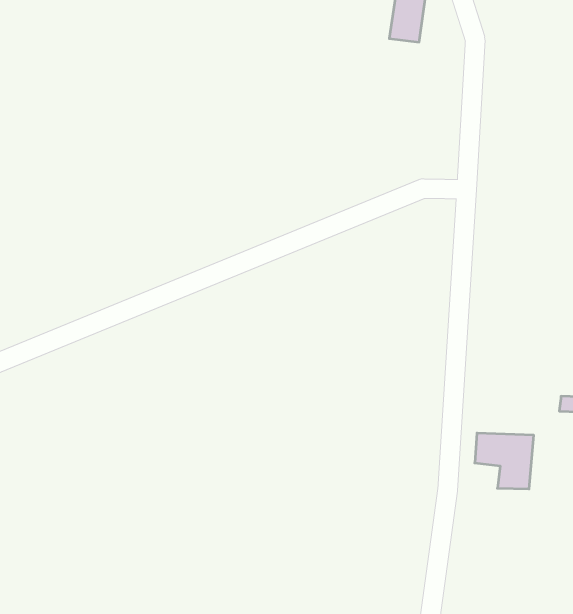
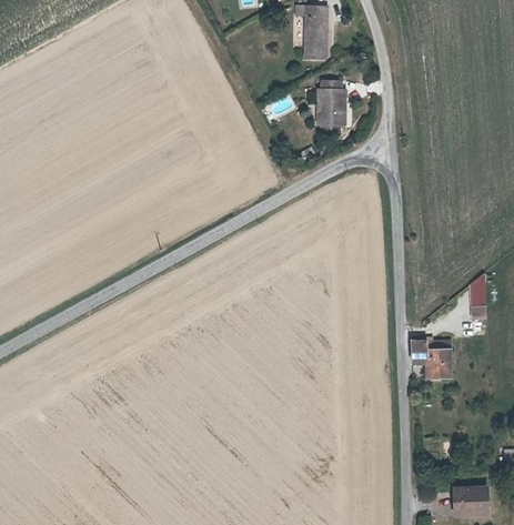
building: none -> [320,80,349,125]

